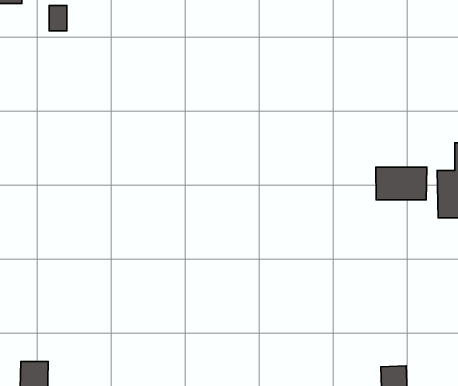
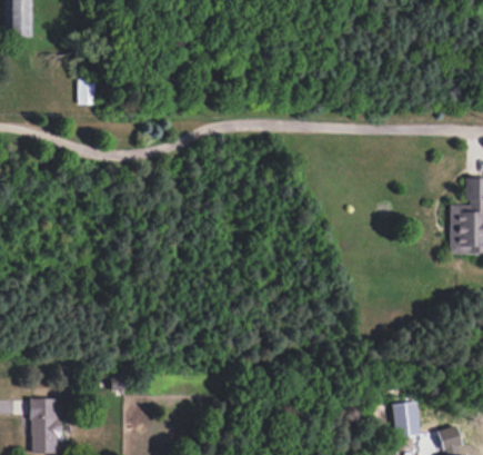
building: [49,6,67,31] -> [78,78,95,103]
building: [376,167,427,200] -> none

